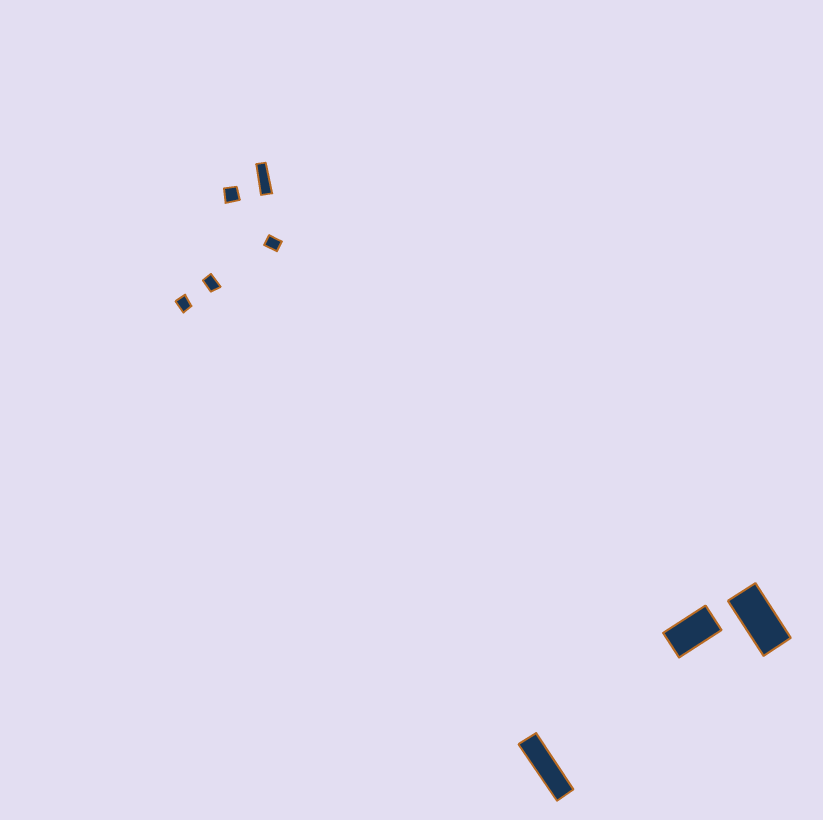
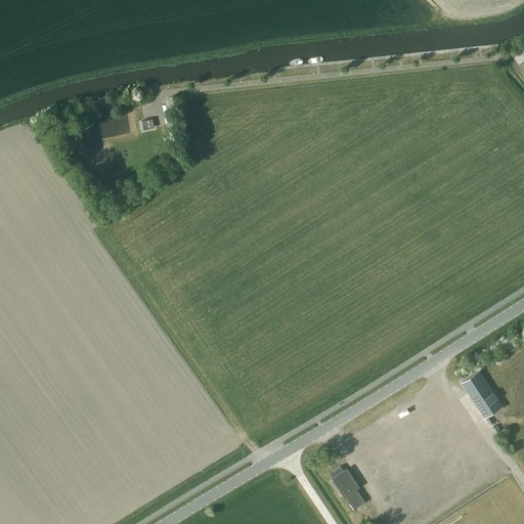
building: [663,606,721,658] -> none

